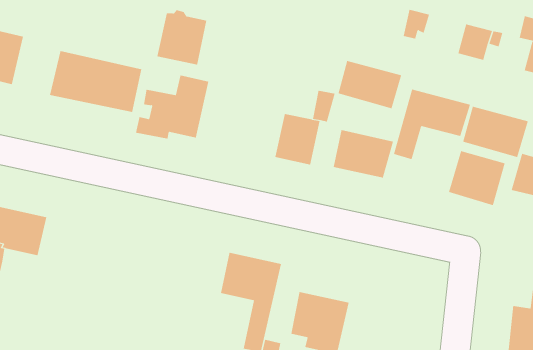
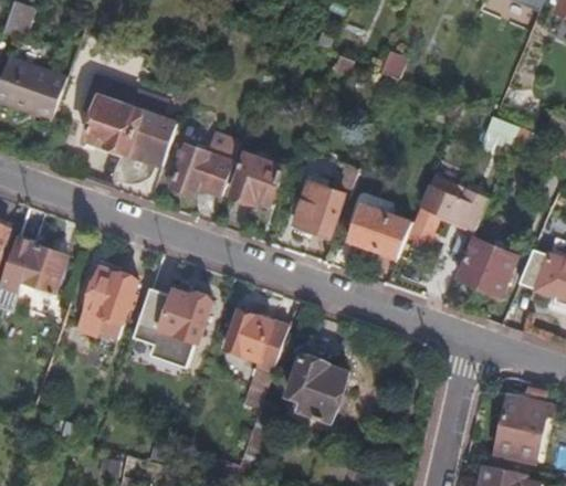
building: [157,9,207,65] -> [230,152,283,209]
building: [338,60,402,109] -> none
building: [463,106,528,158] -> none
building: none -> [78,267,136,338]
building: none -> [132,286,211,366]

